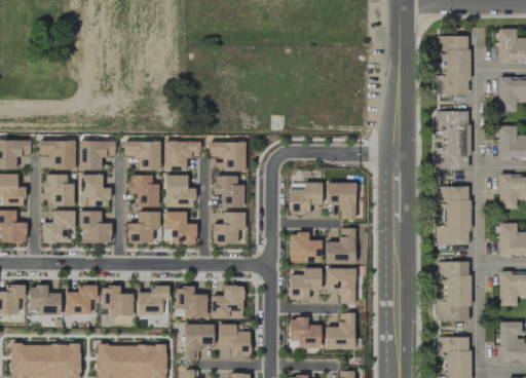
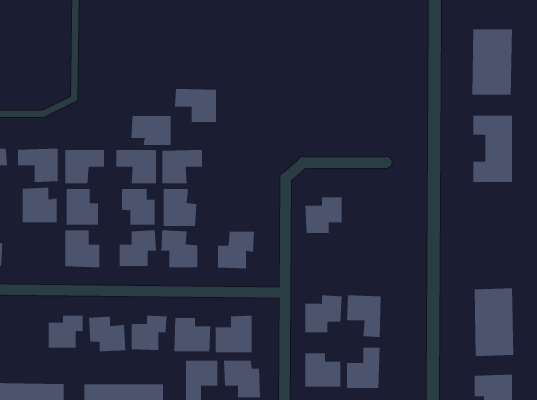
building: none -> [131,115,171,146]
building: [209,141,246,171] -> [174,88,217,123]
building: [214,176,245,207] -> none
building: [326,182,355,219] -> none
building: [435,186,469,244] -> none
building: [42,210,75,243] -> none
building: [325,227,354,264] -> none
building: [289,232,322,262] -> none
building: [29,286,61,314] -> none

